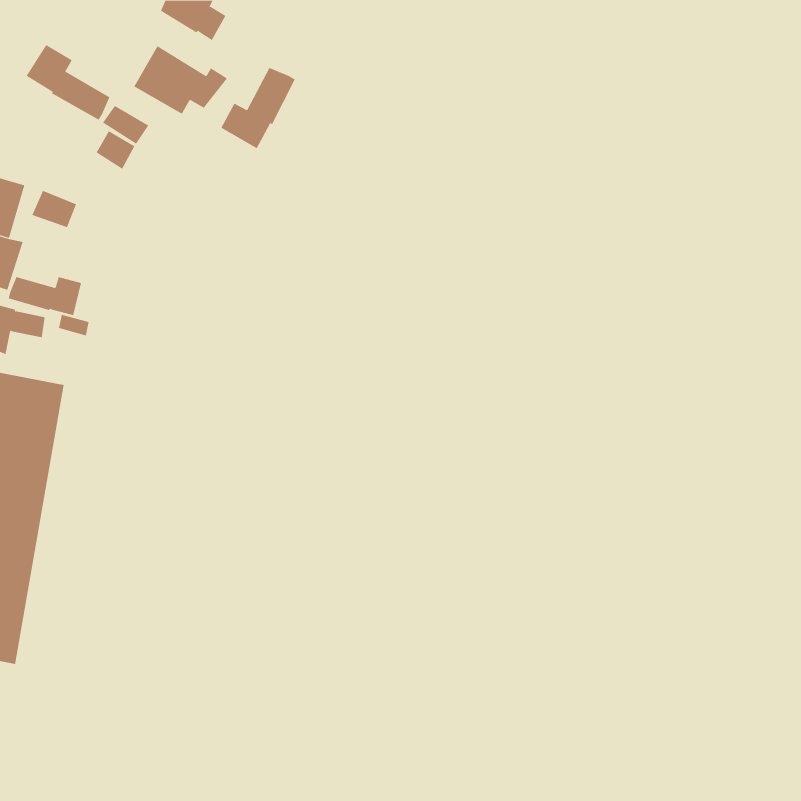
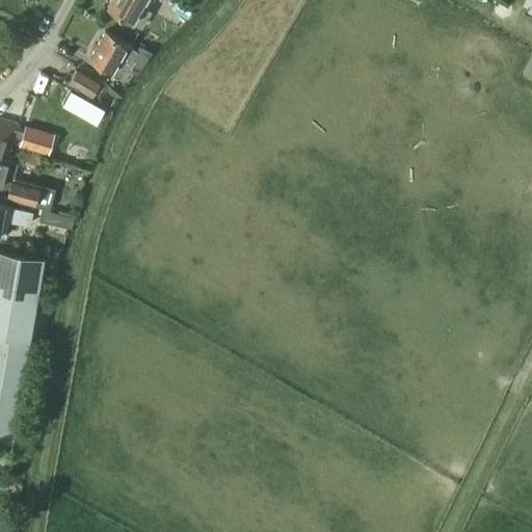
building: [26,44,110,121] -> none
building: [221,67,296,149] -> none

